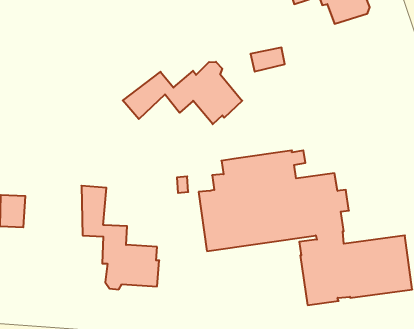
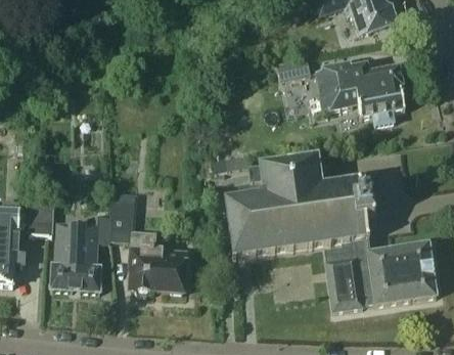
building: none -> [316,61,404,125]
building: [123,62,242,124] -> none
building: none -> [50,216,108,292]

